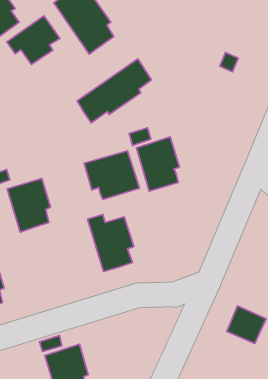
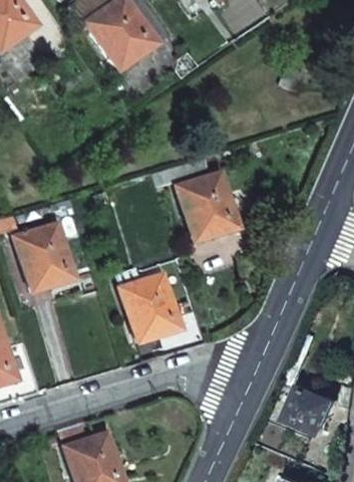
building: [7,16,60,65] -> none
building: [77,59,152,123] -> none
building: [84,151,139,199] -> none

